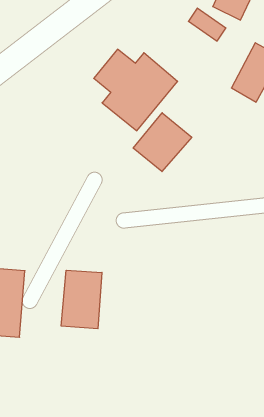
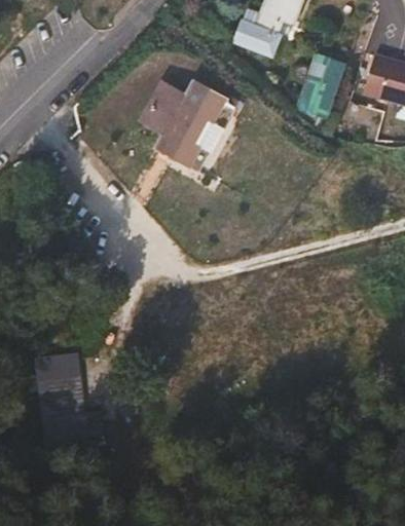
building: [133,113,192,172] -> none
building: [61,270,102,329] -> none

